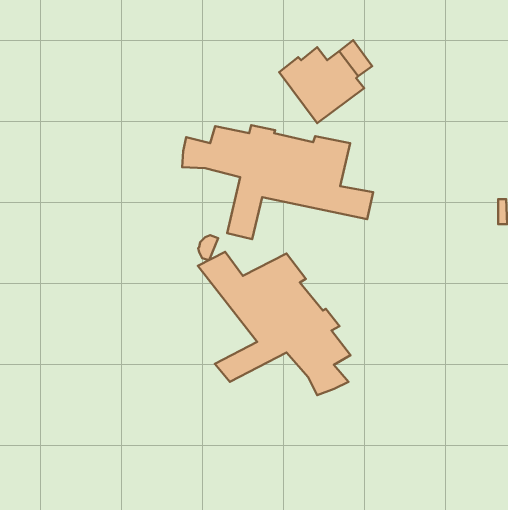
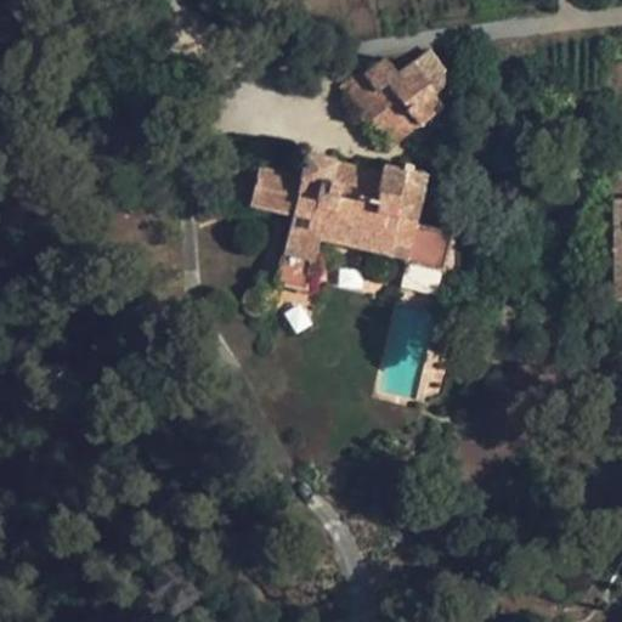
building: [198,252,351,395] -> none

